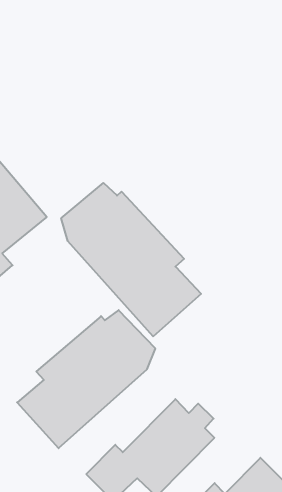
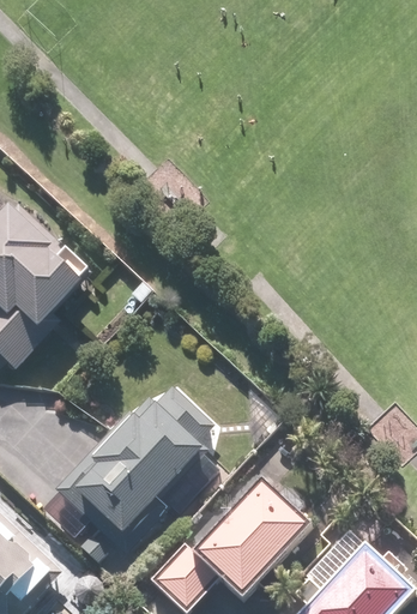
building: [61,183,201,336] -> none

